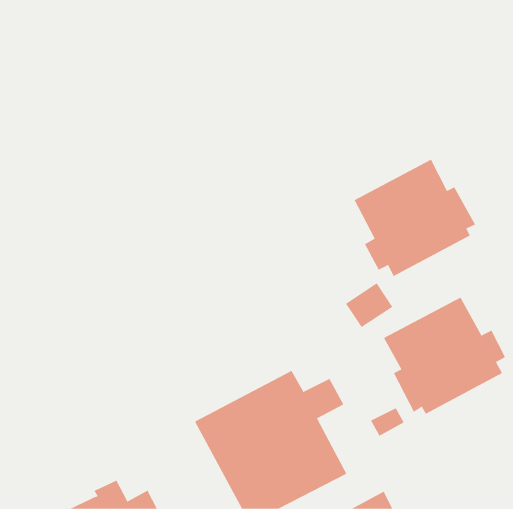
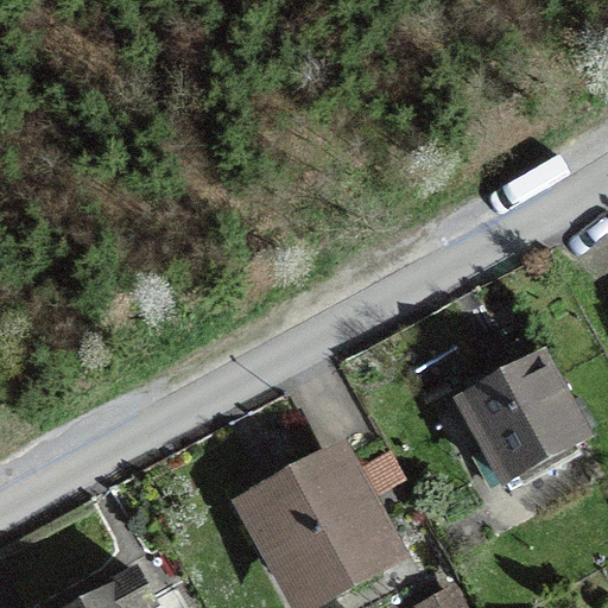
building: [354,159,476,277] -> none

